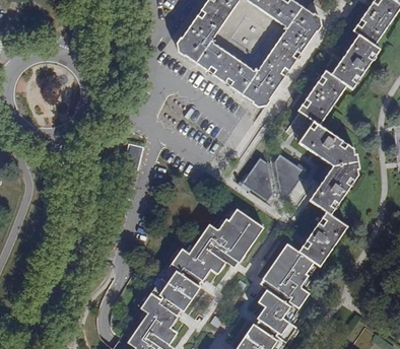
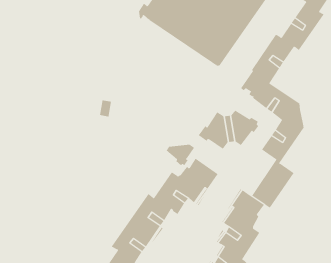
building: none -> [166,144,195,166]

